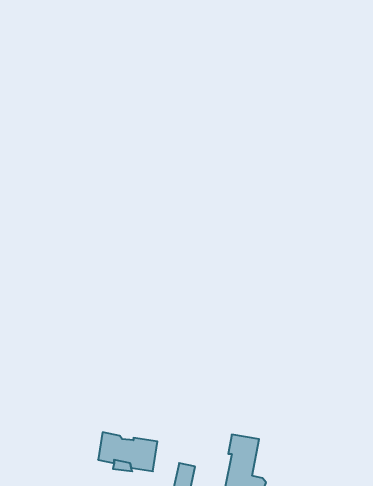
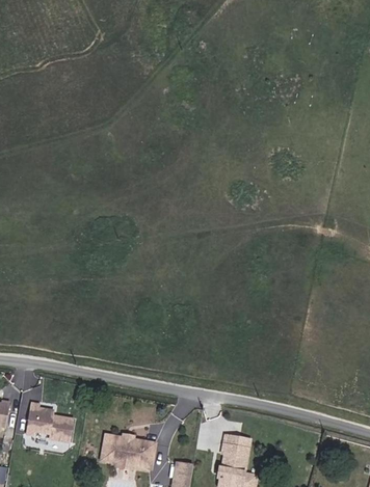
building: none -> [23,405,71,444]

